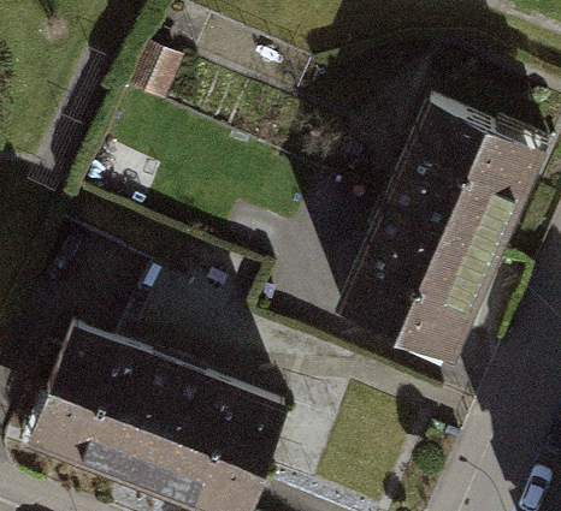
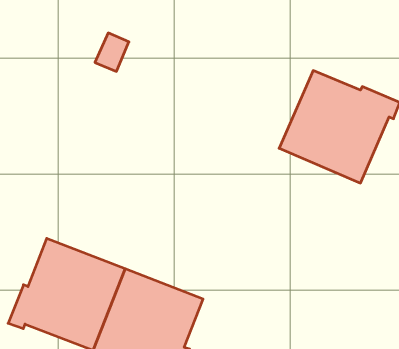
building: [341,204,495,363] -> none

